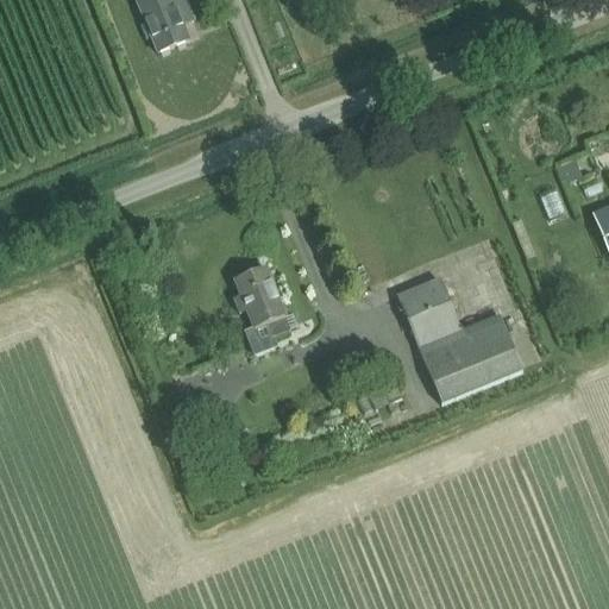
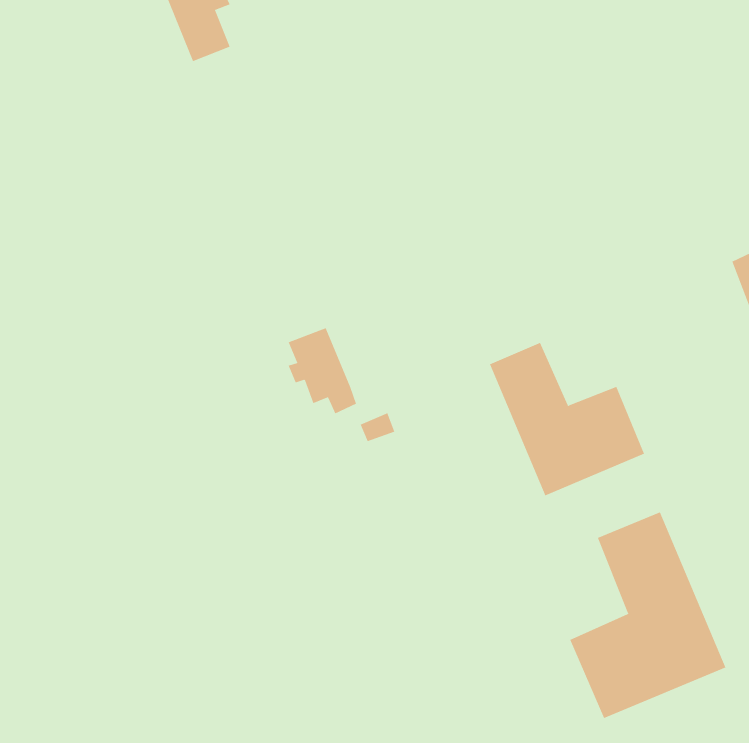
building: none -> [569,511,726,719]

